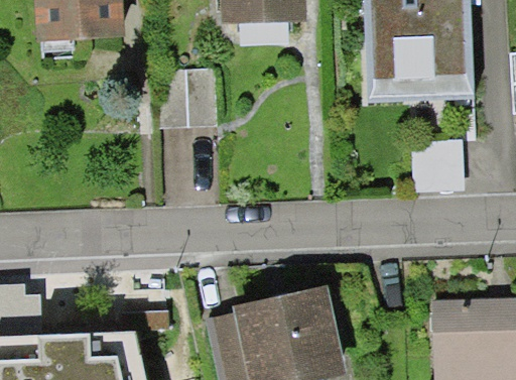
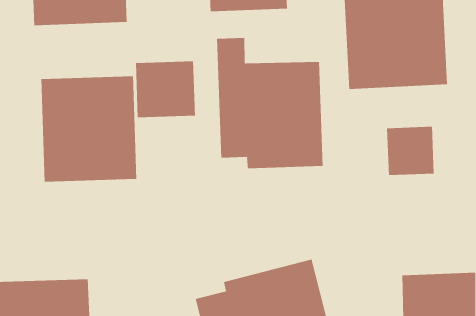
building: none -> [217,37,323,169]
building: none -> [41,75,137,183]

